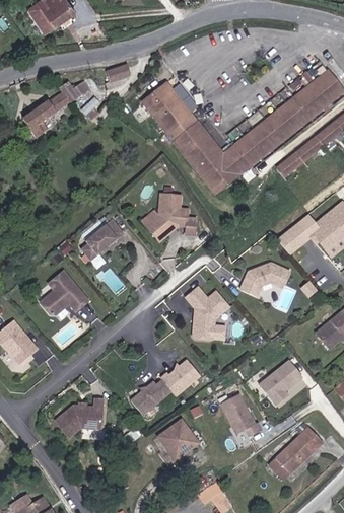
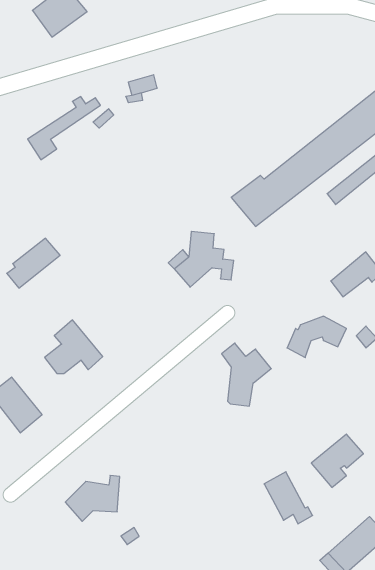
building: [132,80,219,166] -> none
building: [79,217,124,259] -> [7,238,60,288]
building: [129,360,199,415] -> none
building: [159,419,201,460] -> none

